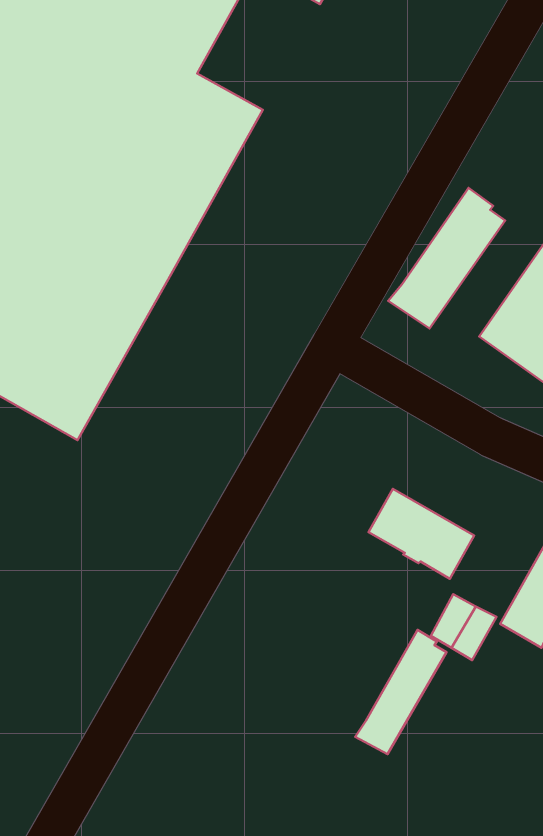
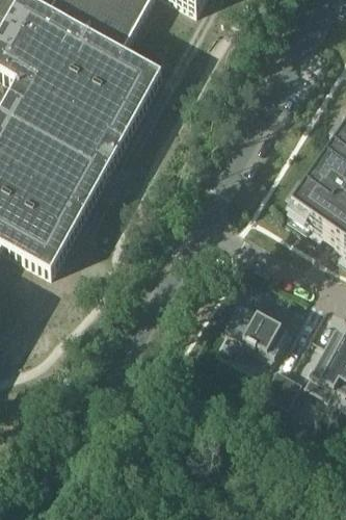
building: [388,188,505,329] -> none
building: [355,630,446,754] -> none

